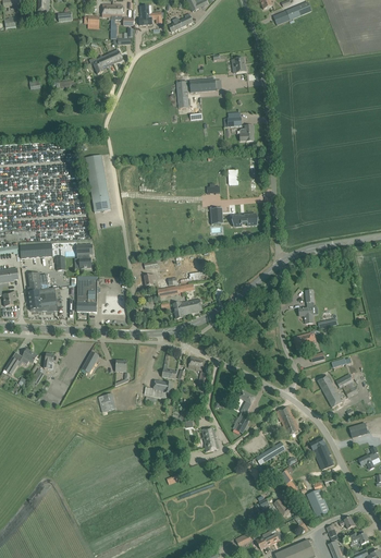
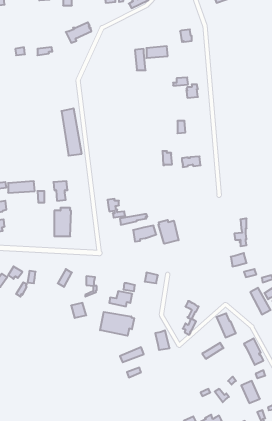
building: [27,271,58,311] -> none
building: none -> [158,220,179,244]
building: none -> [100,312,134,336]

